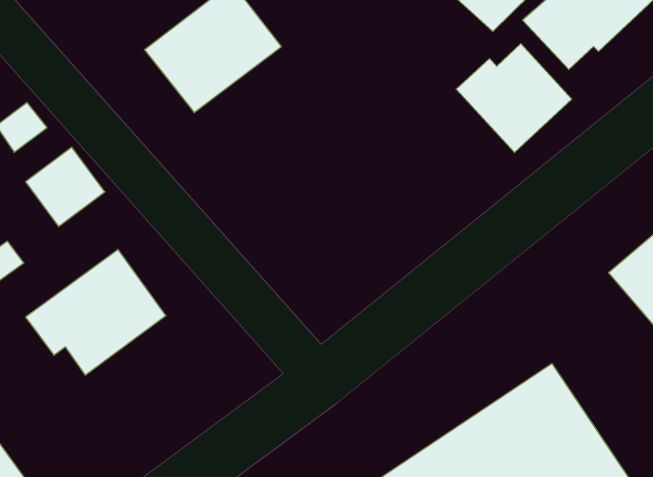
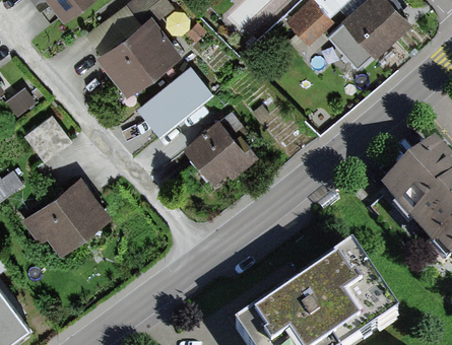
building: [456,44,572,153] -> none
building: none -> [137,68,211,136]
building: none -> [183,117,258,189]

